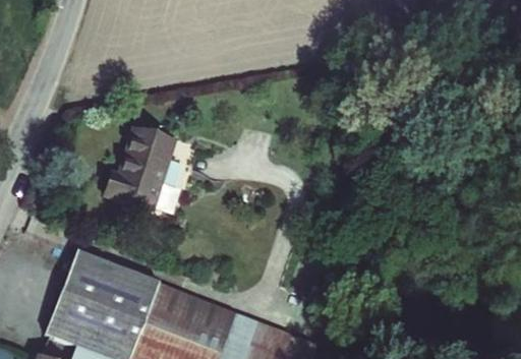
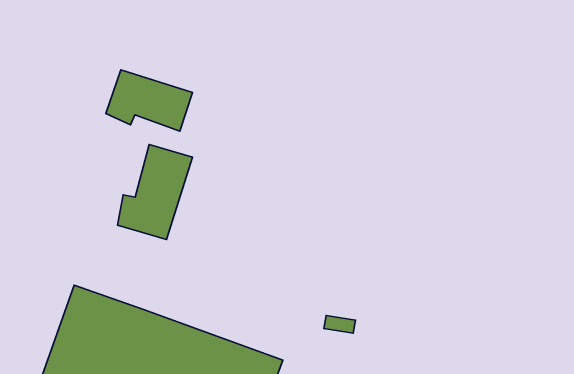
building: none -> [106,70,193,131]

